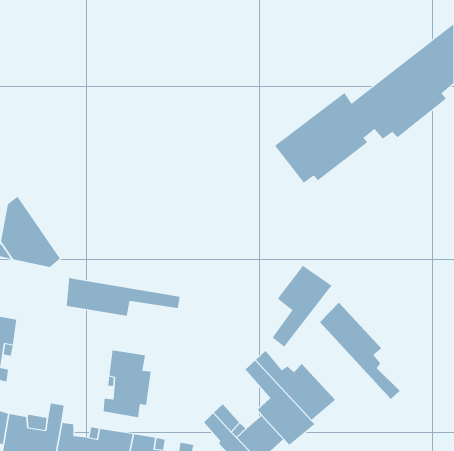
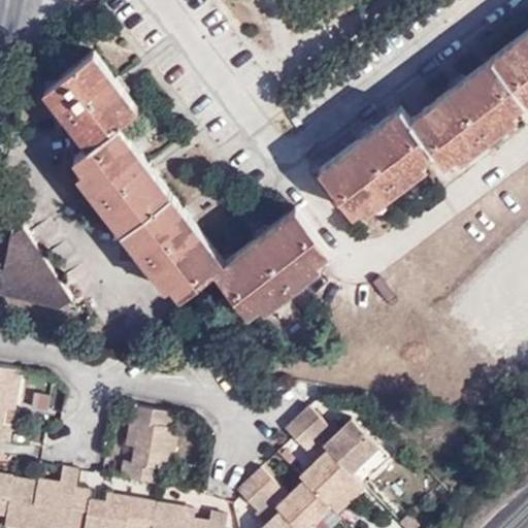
building: none -> [42,58,326,319]
building: [272,265,332,347] -> none
building: [66,277,180,316] -> none
building: [319,302,400,400] -> none

